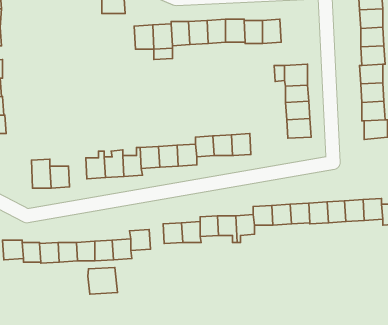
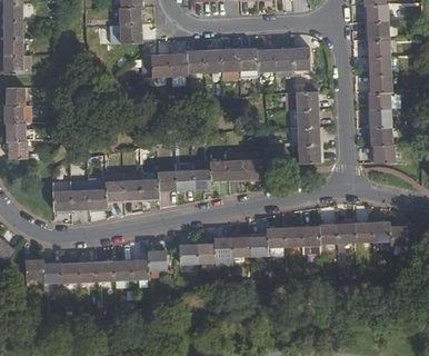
building: none -> [291,48,310,76]
building: none -> [87,181,107,209]
building: [88,267,117,294] -> none

